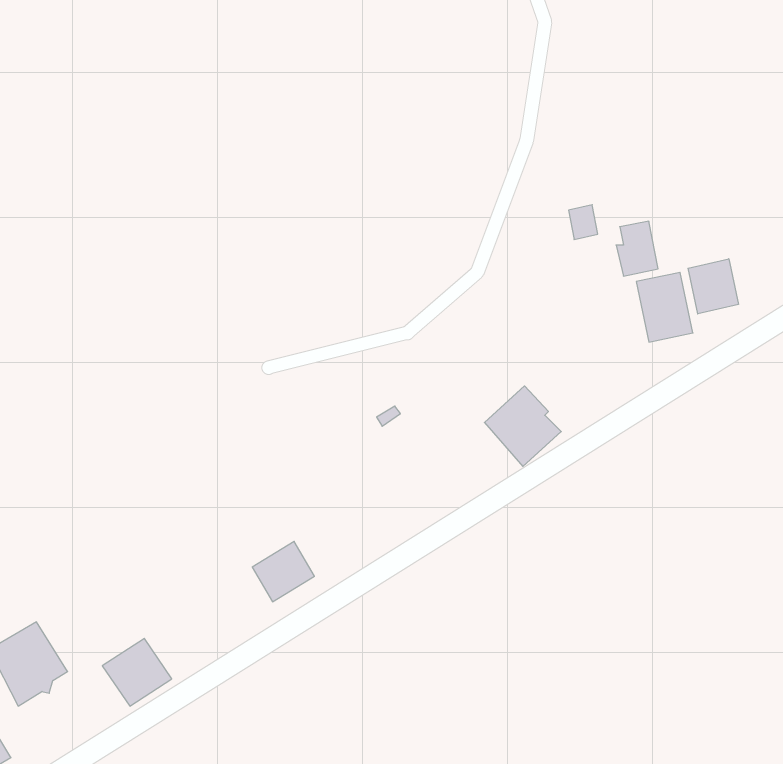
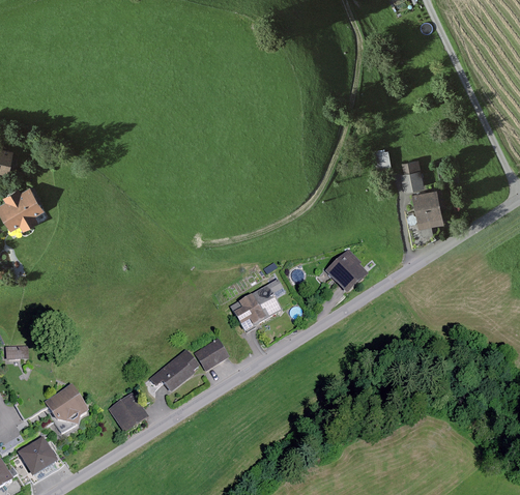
building: [688,259,738,314] -> none
building: none -> [231,279,286,330]
building: none -> [150,349,199,392]

